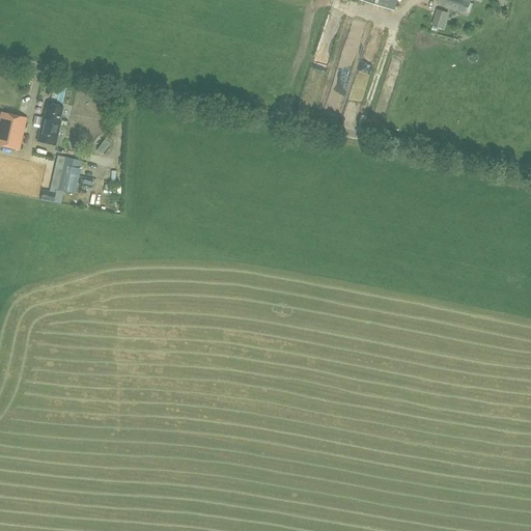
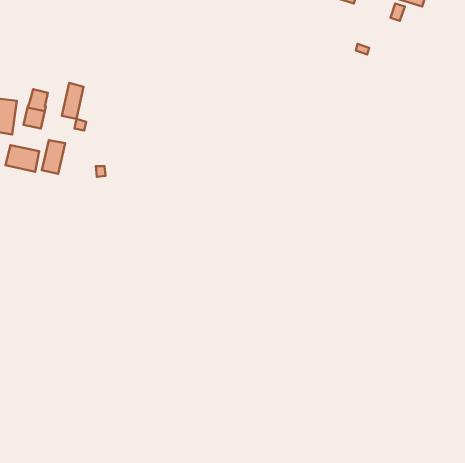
building: none -> [62,83,84,119]
building: none -> [5,145,39,172]

